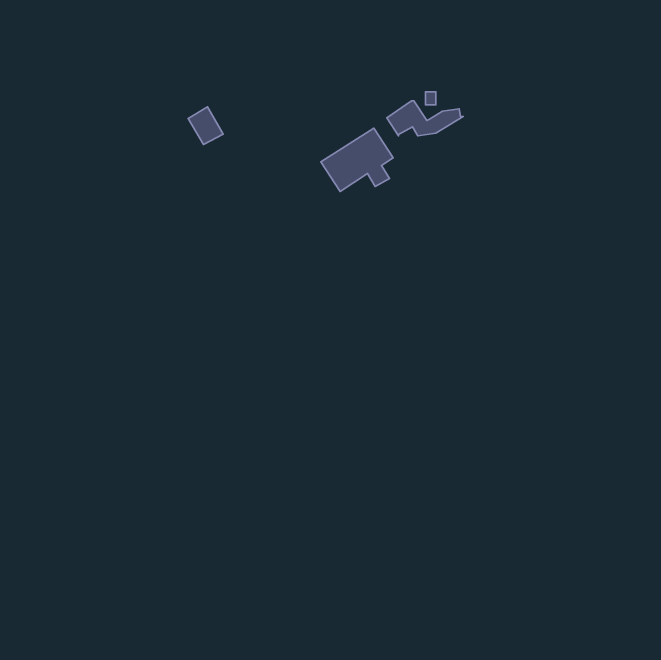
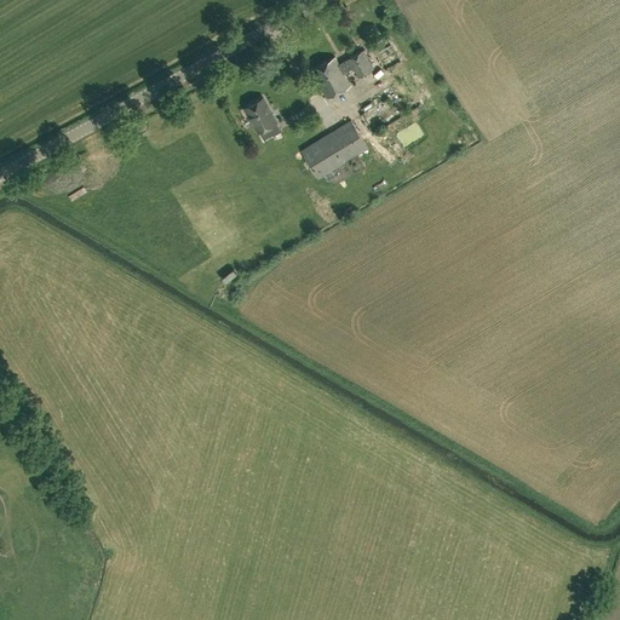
building: none -> [312,52,374,99]
building: [188,107,223,144] -> [245,98,277,133]

